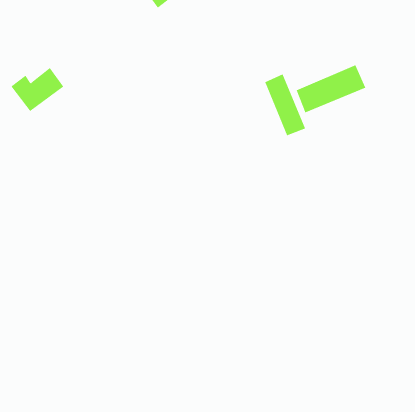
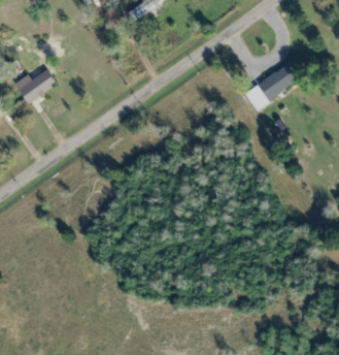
building: [264,73,306,136] -> none

